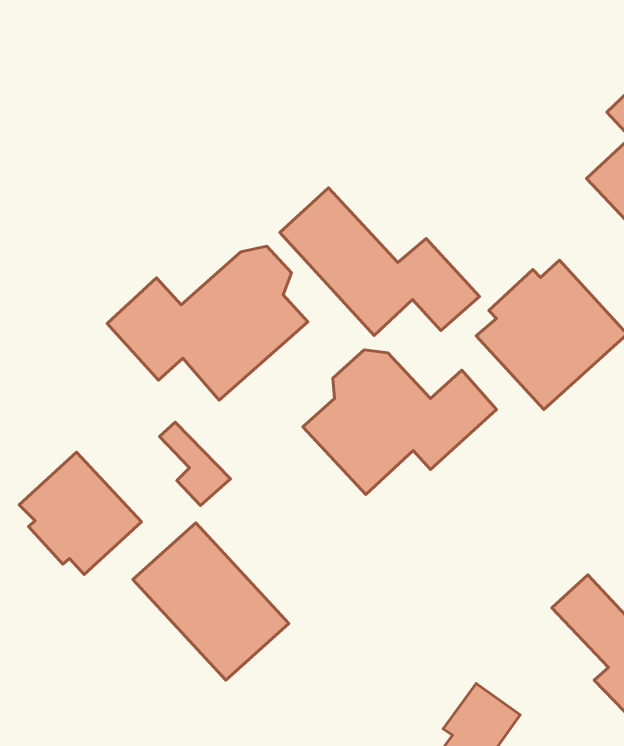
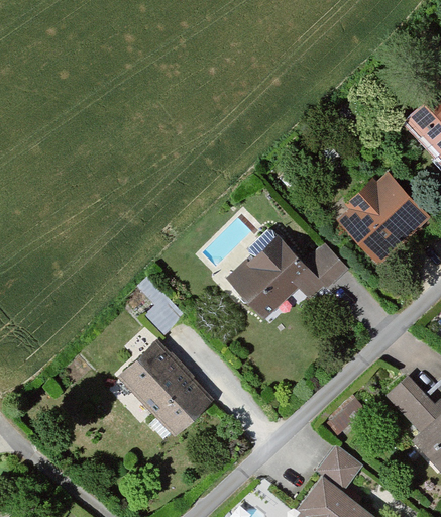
building: [280,188,479,335] -> none
building: [107,246,308,400] -> none
building: [19,452,142,575] -> none

